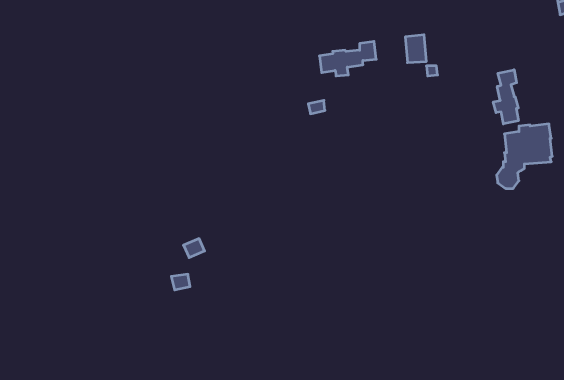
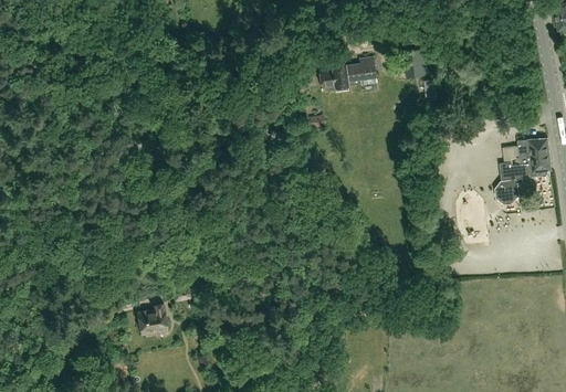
building: [493,70,518,124] -> none
building: none -> [138,303,169,335]

